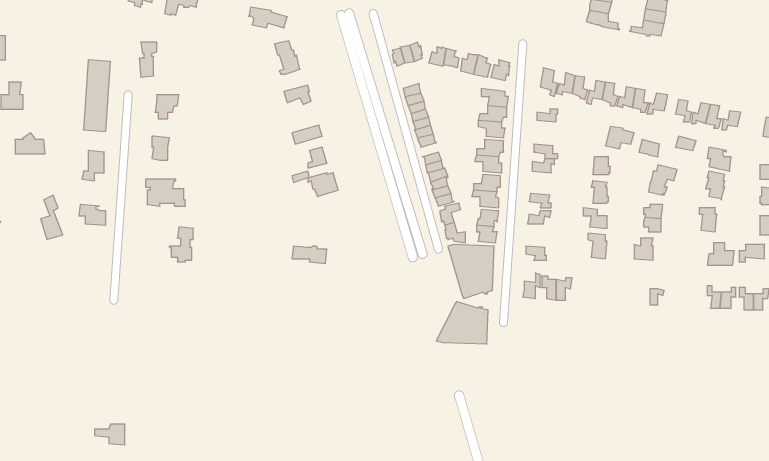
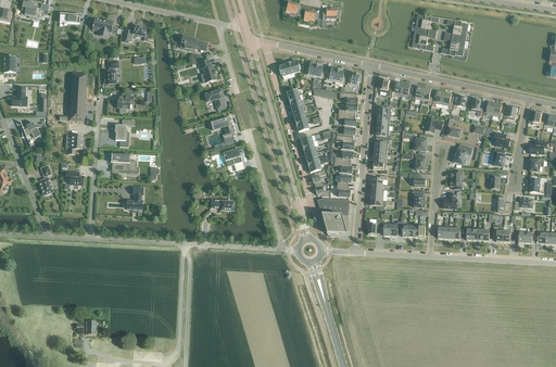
building: [436,302,488,344] -> none

